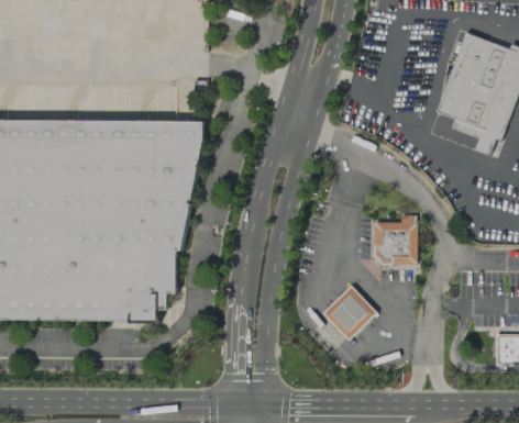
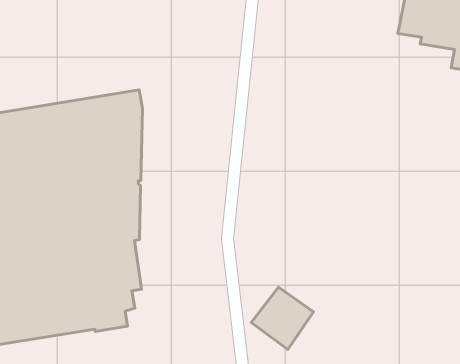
building: [372,213,420,265] -> none
building: [321,285,376,339] -> [251,287,313,349]

